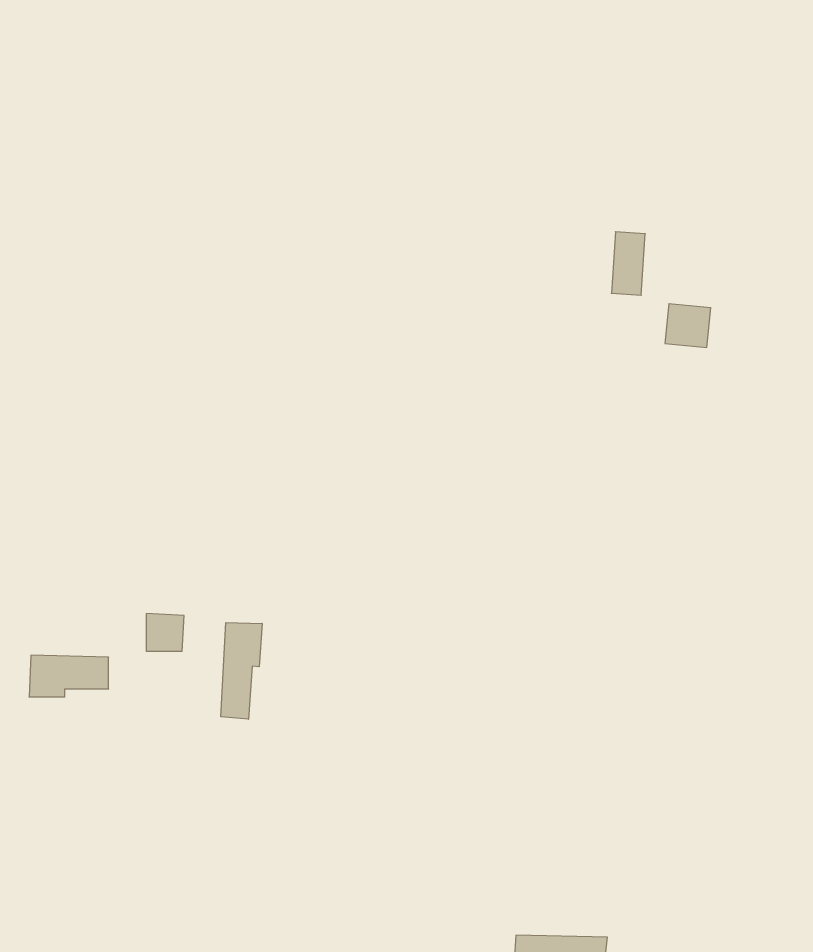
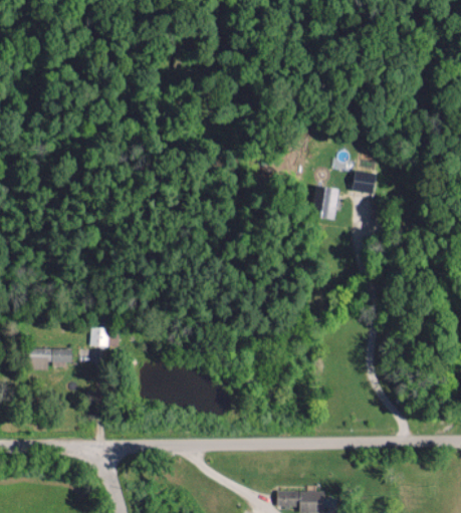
building: [611,232,645,295] -> [320,187,337,219]
building: [221,623,262,719] -> none

